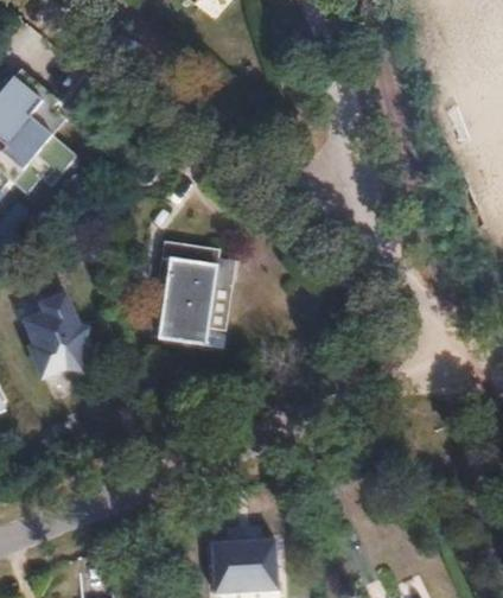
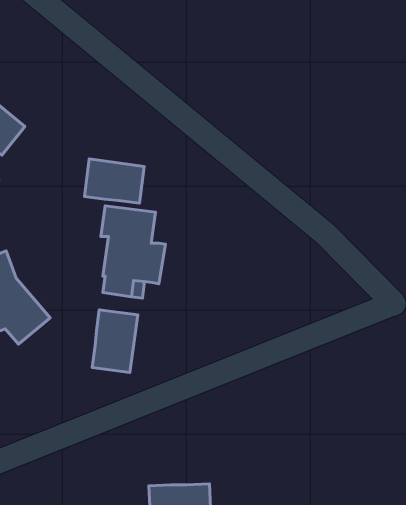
building: none -> [84,159,144,203]
building: none -> [92,310,138,372]

